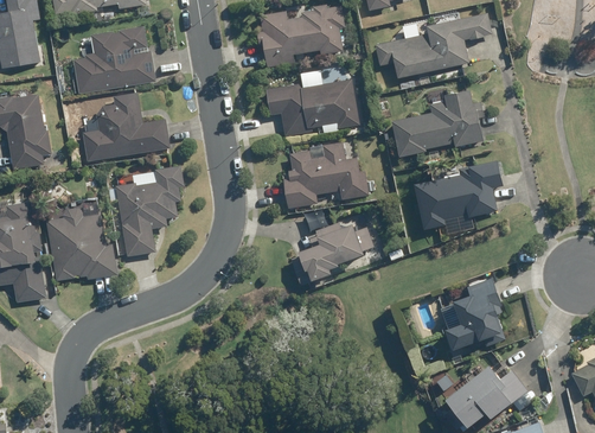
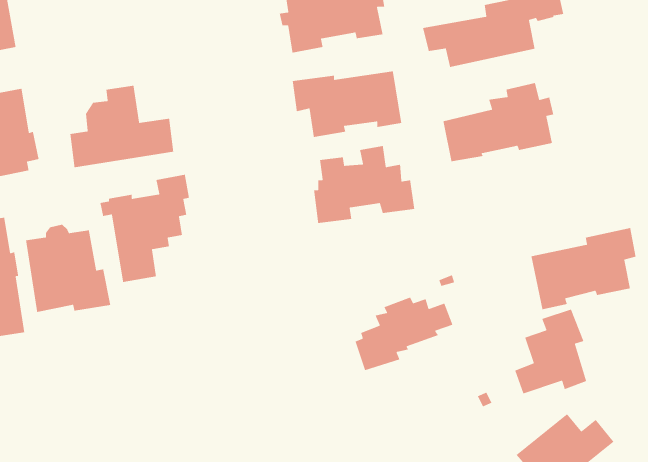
building: [77,28,154,90] -> none
building: [412,161,500,230] -> [530,227,637,310]
building: [290,223,372,285] -> [355,297,454,371]

